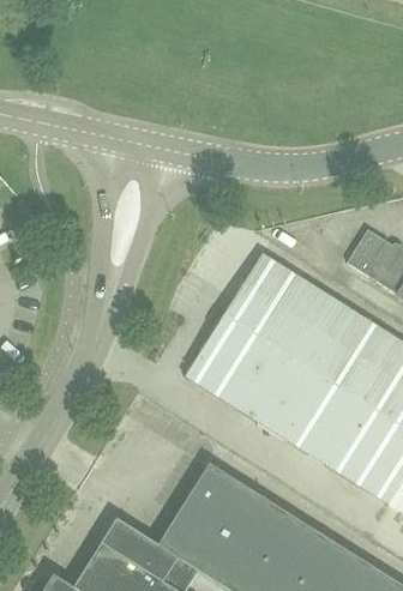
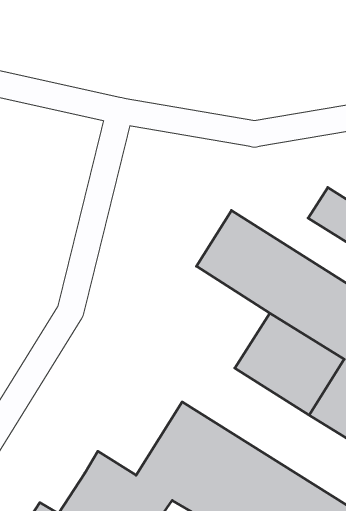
building: [186,315,305,427] -> none

